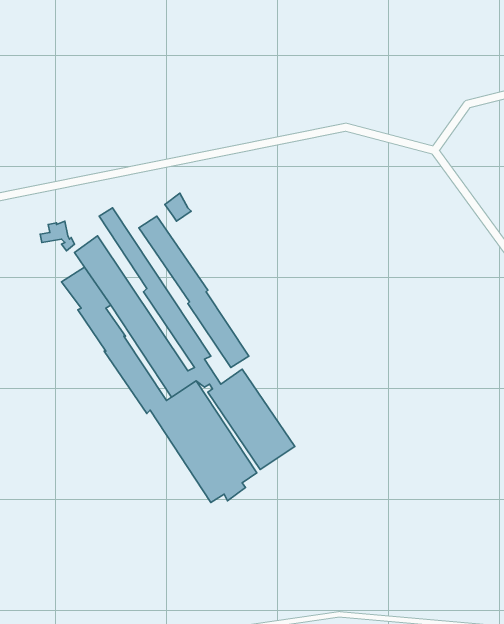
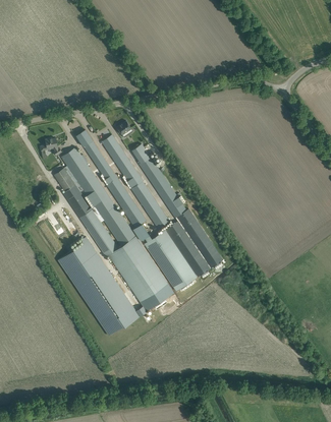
building: none -> [132,143,223,277]
building: none -> [58,237,140,335]

